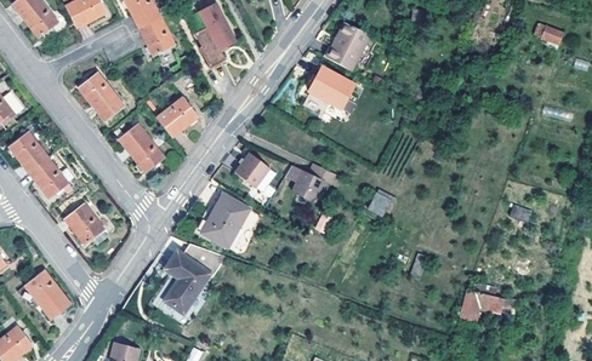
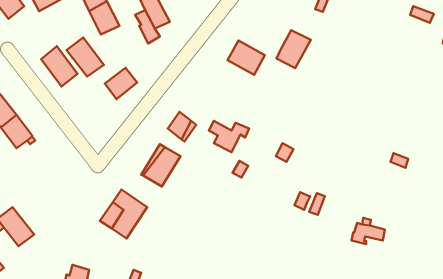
building: [326,21,369,68] -> [276,30,311,68]
building: [119,124,165,172] -> [66,37,104,77]
building: [66,202,108,243] -> none

